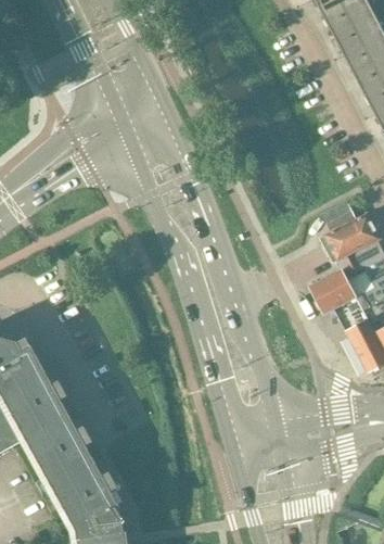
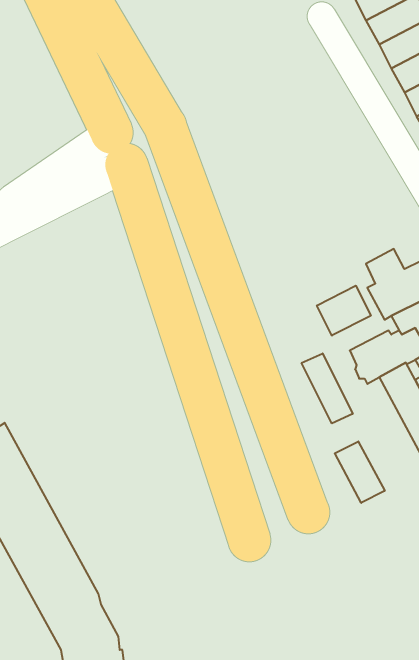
building: none -> [317,286,371,336]
building: none -> [302,353,353,423]
building: none -> [335,441,385,503]

